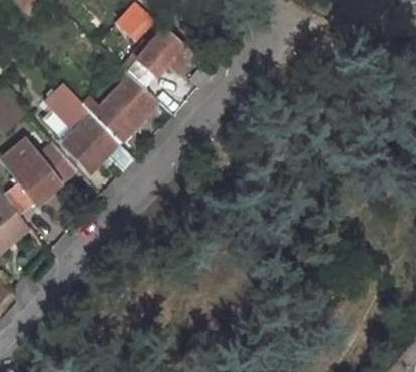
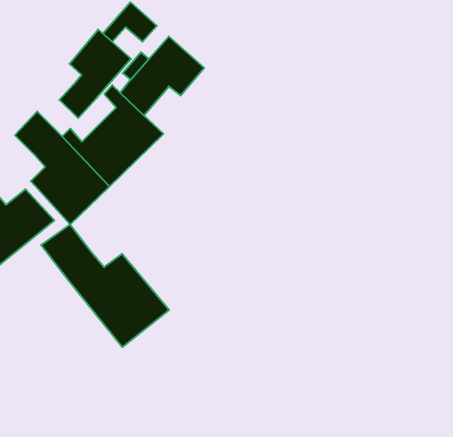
building: none -> [59,29,131,118]
building: none -> [41,225,169,347]

